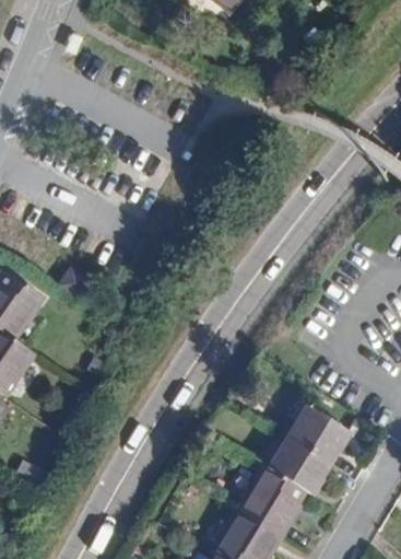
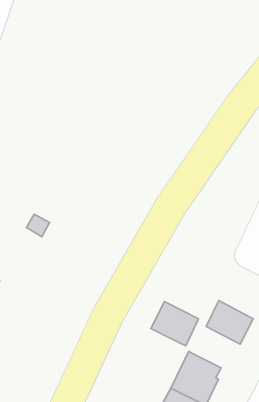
building: [267,444,328,502] -> [151,301,199,346]

